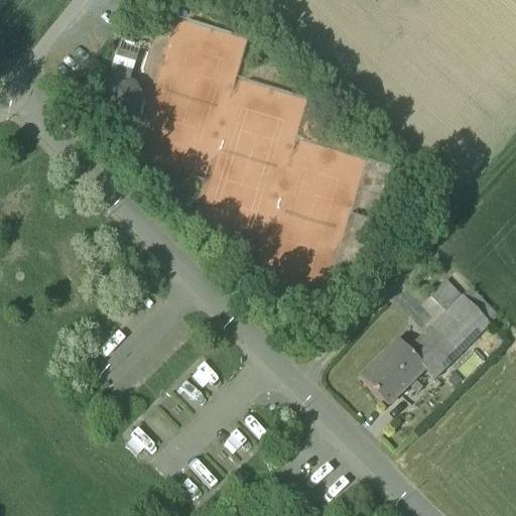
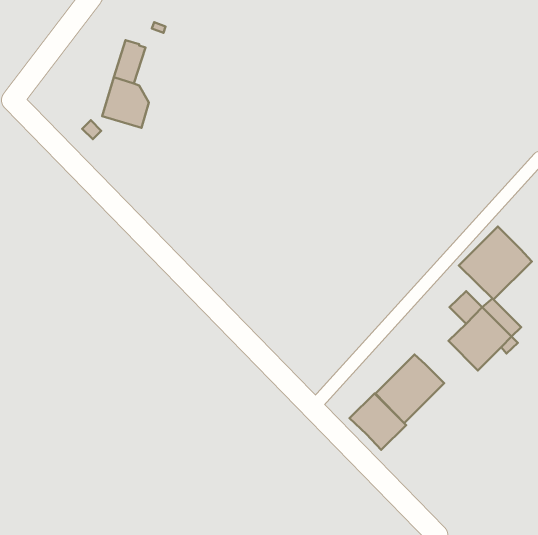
building: none -> [459,227,532,300]
building: [407,326,458,378] -> none
building: none -> [350,394,406,450]

